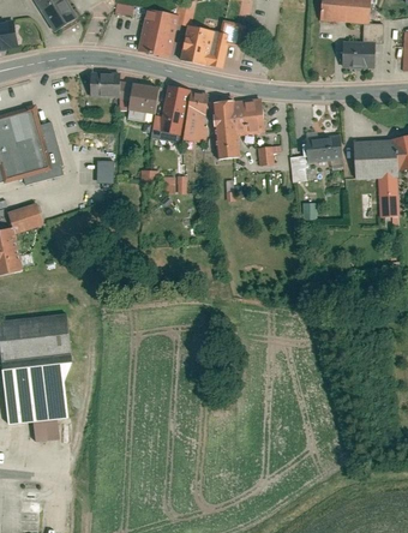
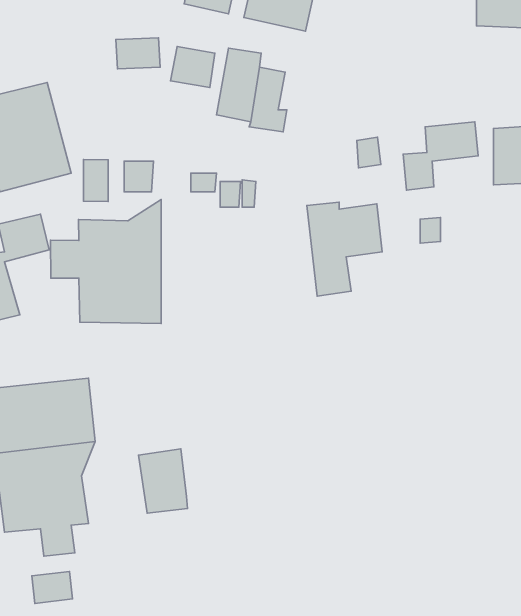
building: [209,96,262,162] -> [307,202,382,296]
building: none -> [84,159,108,202]
building: none -> [51,199,161,323]
building: none -> [139,449,187,513]
building: none -> [32,572,72,603]

